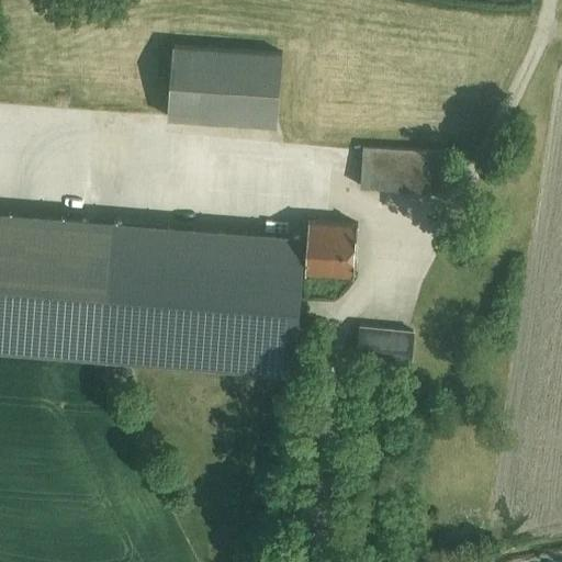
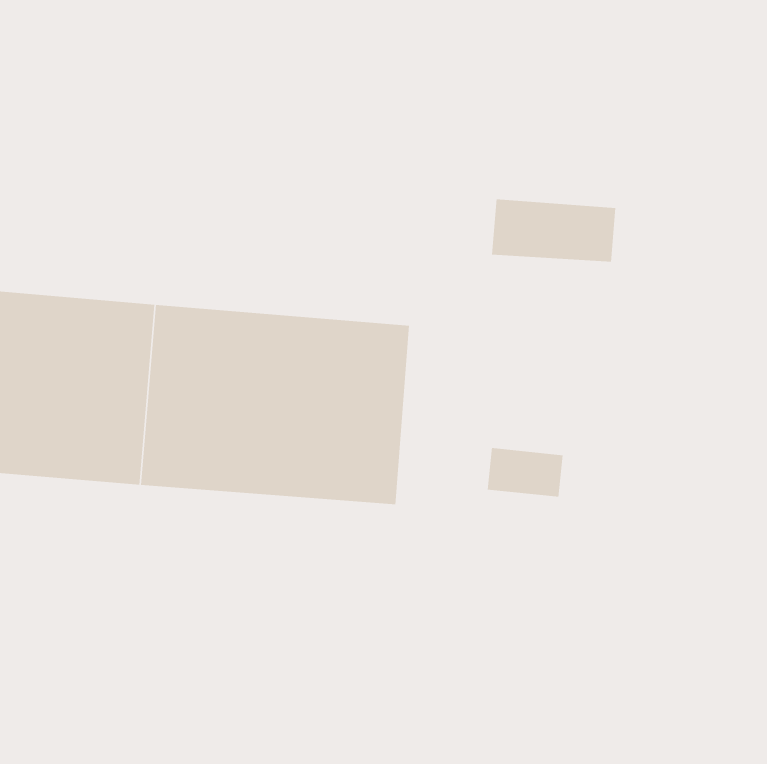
building: [166,49,280,128] -> none
building: [304,225,356,278] -> none

